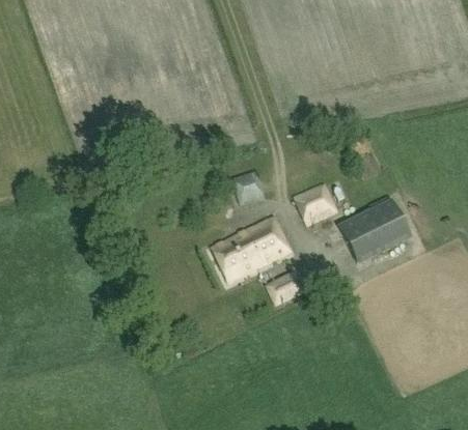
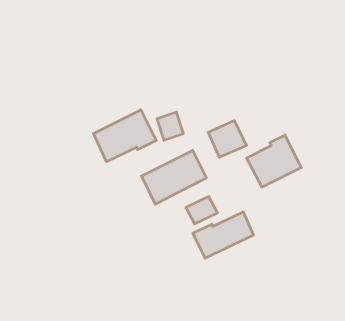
building: none -> [93,110,156,162]
building: none -> [193,212,253,258]

